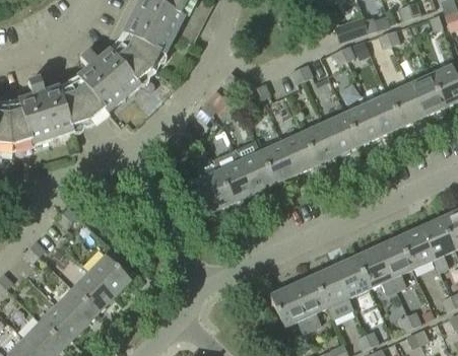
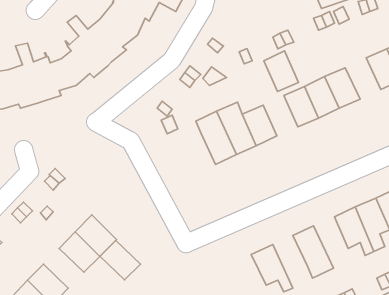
building: [366,92,402,135] -> none
building: [281,131,317,172] -> [264,51,298,91]
building: [196,169,233,212] -> none
building: [333,256,369,297] -> none
building: [291,275,327,329] -> none
building: [56,288,97,329] -> [100,240,140,280]

